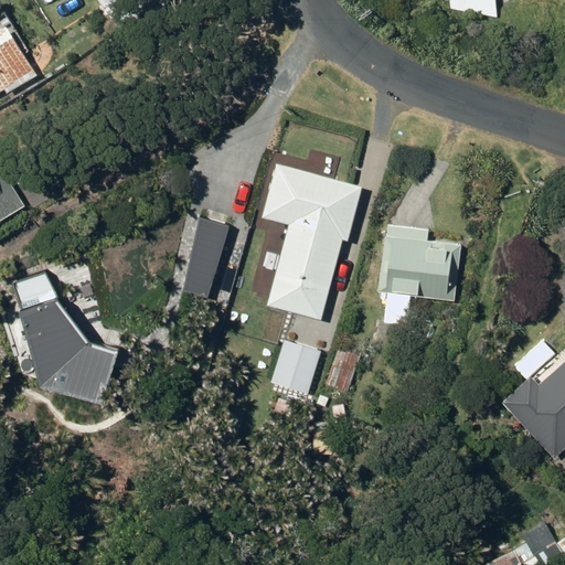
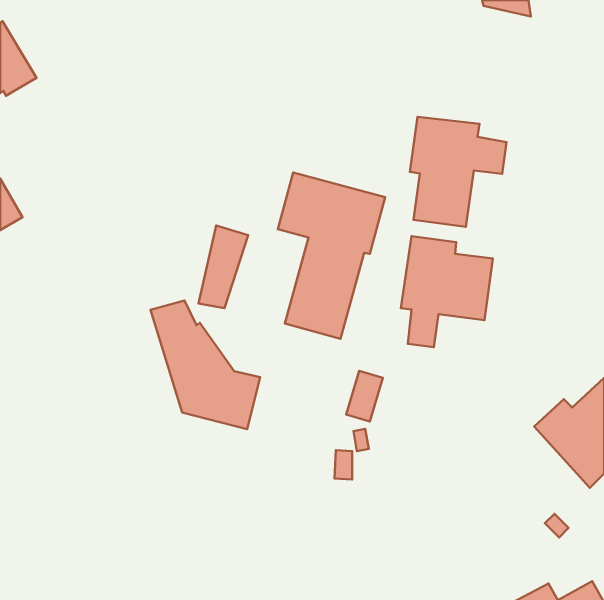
building: none -> [410,117,506,227]
building: [17,268,119,388] -> [150,300,260,429]
building: [274,342,326,396] -> none

